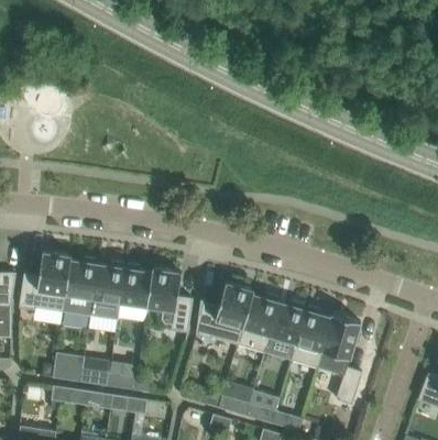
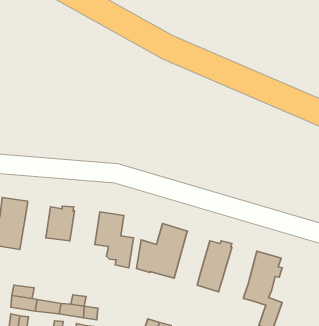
building: [64,257,98,316] -> none
building: [118,264,154,321] -> none
building: [239,294,280,352] -> none
building: [289,306,333,367] -> none

